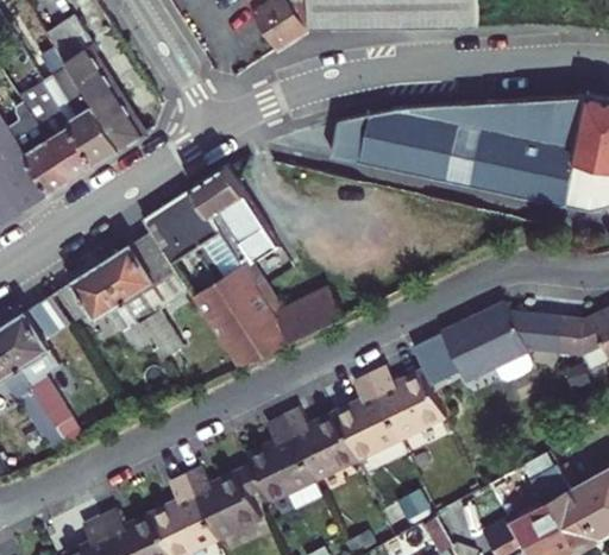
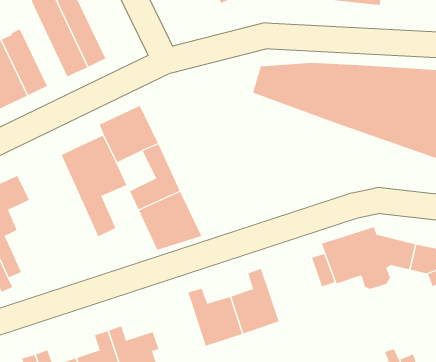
building: [23,84,96,178] -> none
building: [193,166,343,342] -> none
building: [56,263,150,351] -> none
building: [371,366,445,437] -> none
building: [245,415,313,500] -> none

